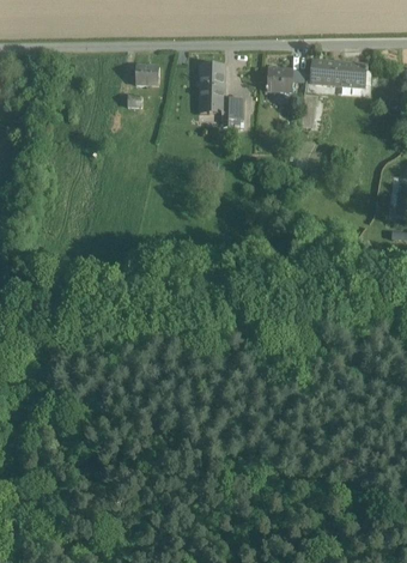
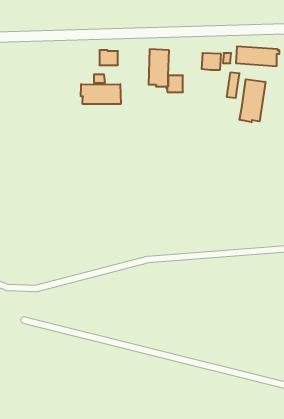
building: none -> [240,79,265,122]
building: none -> [81,84,121,104]

